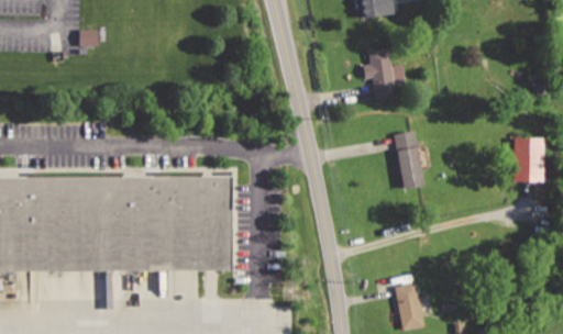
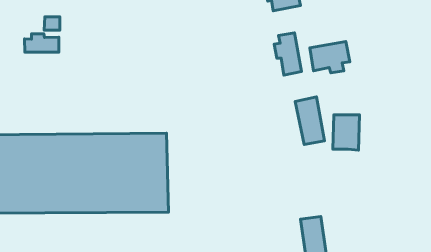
building: none -> [25,34,59,52]
building: none -> [310,41,350,73]
building: [512,137,545,181] -> [333,115,359,150]

